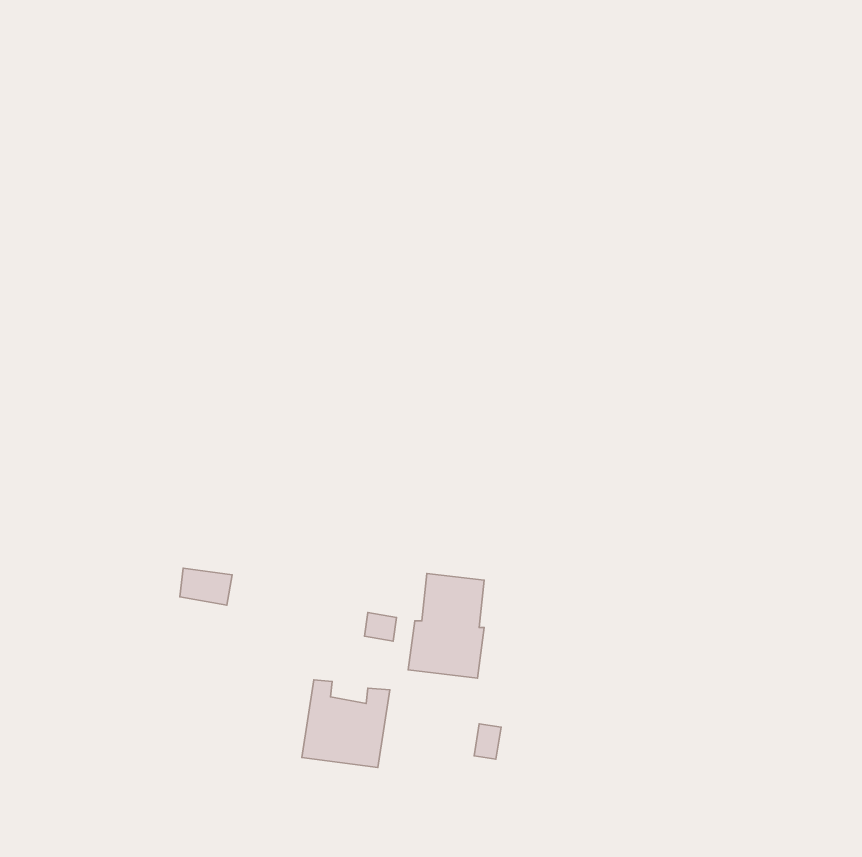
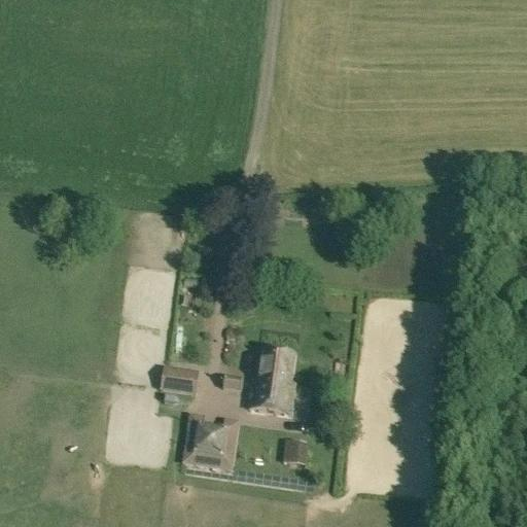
building: [180,568,232,605] -> [165,371,197,393]

